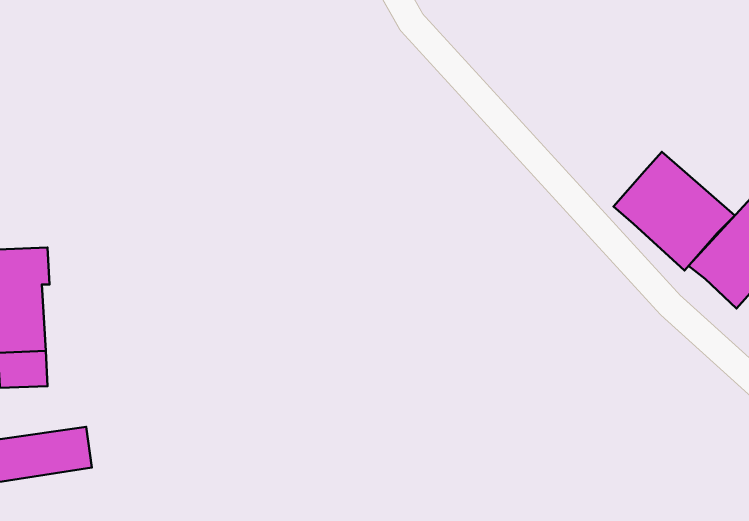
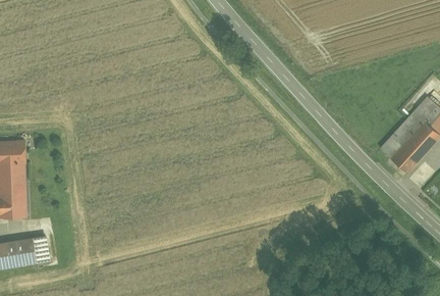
building: [613,152,735,271] -> none

